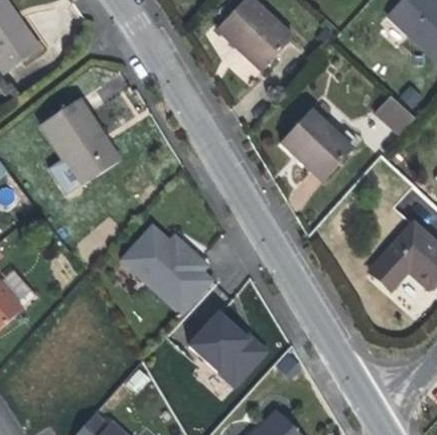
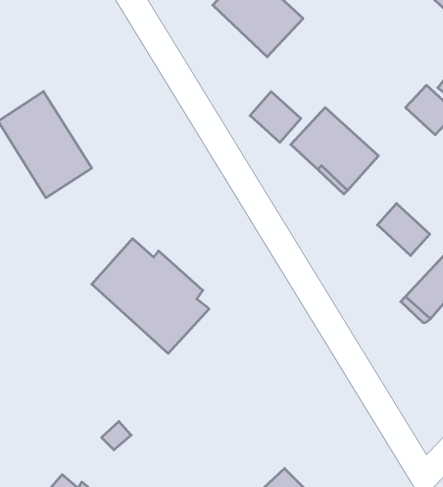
building: none -> [250,92,301,142]
building: none -> [377,203,430,256]
building: [182,302,270,386] -> none

